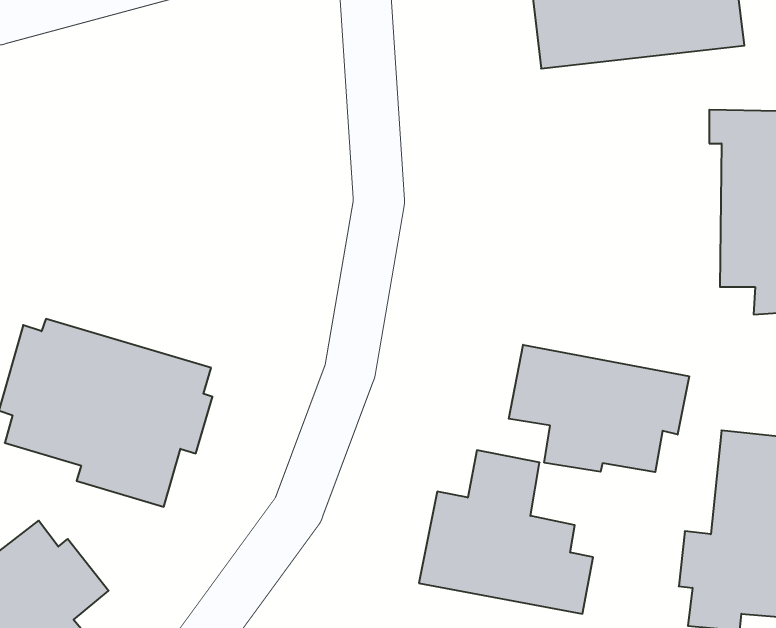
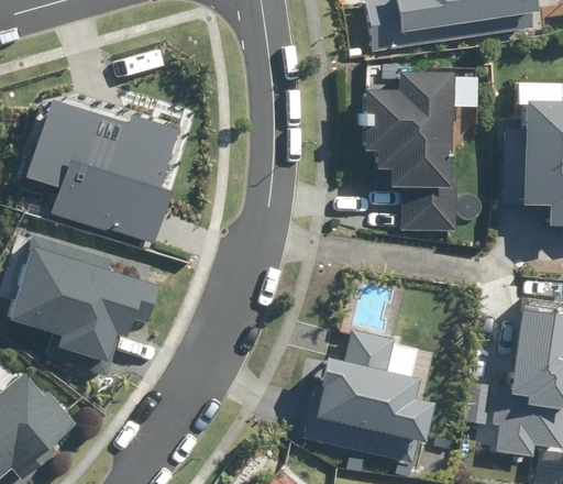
building: none -> [355,64,454,231]
building: none -> [29,101,179,244]
building: [509,345,689,472] -> none

